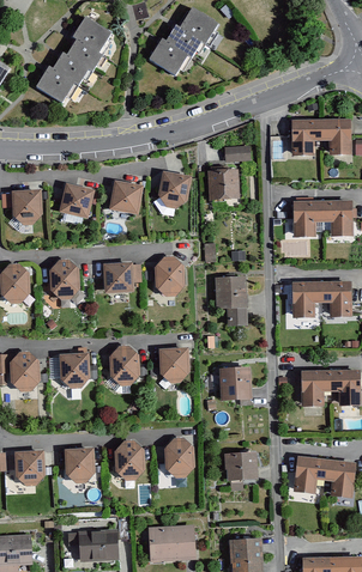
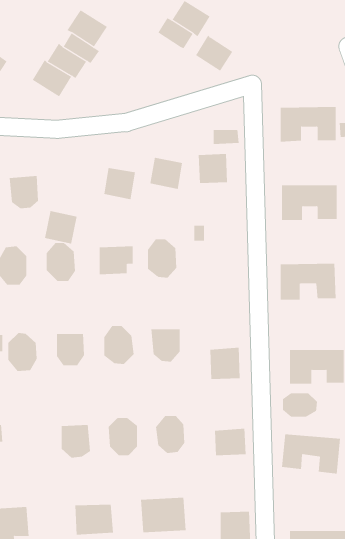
building: [150,38,189,77] -> [195,35,233,71]
building: [59,183,93,218] -> [44,211,78,244]
building: [213,275,247,327] -> none
building: none -> [283,393,318,418]
building: [12,445,44,481] -> none

